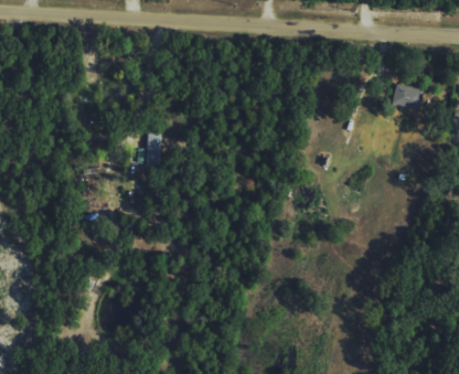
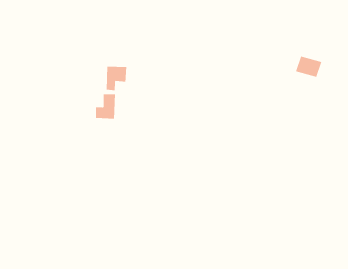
building: none -> [106,66,127,91]

